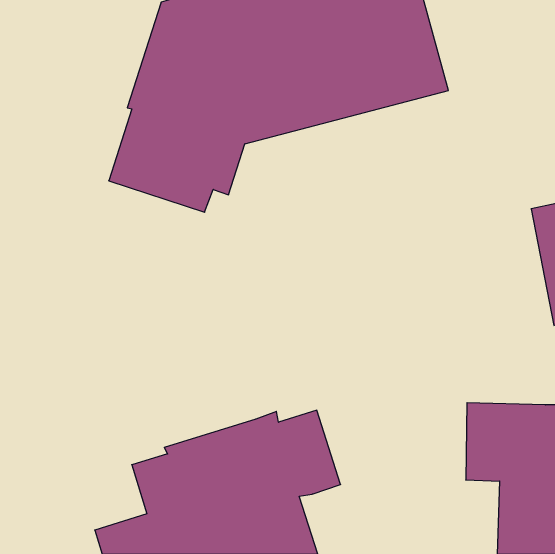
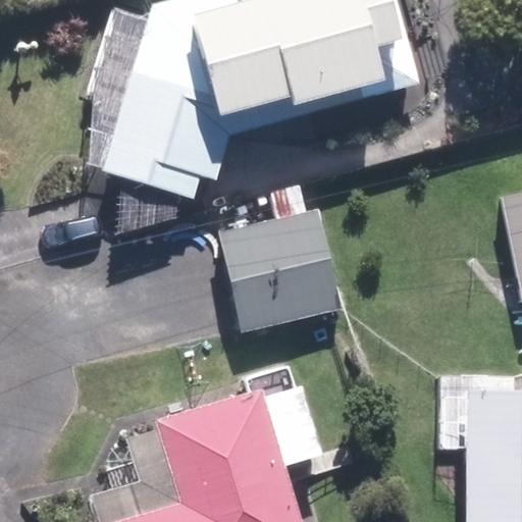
building: none -> [215,189,342,335]

